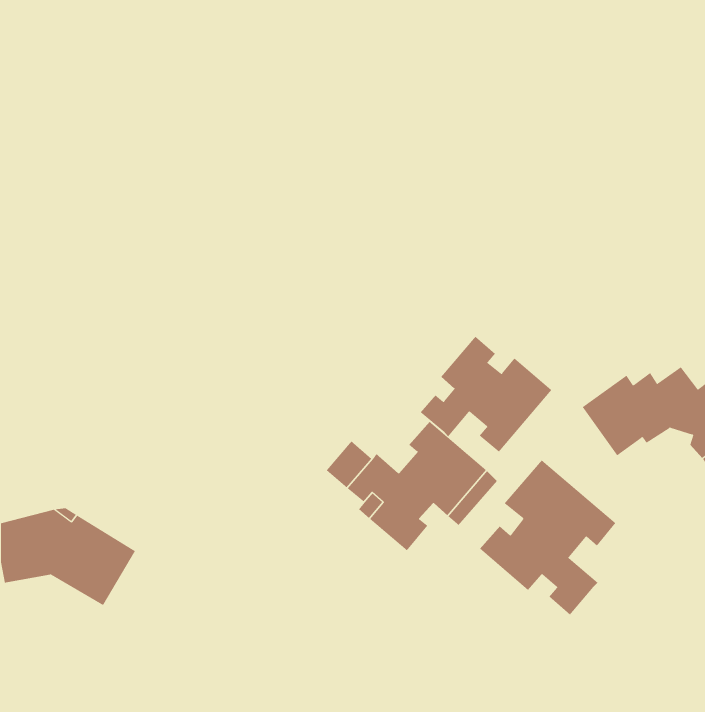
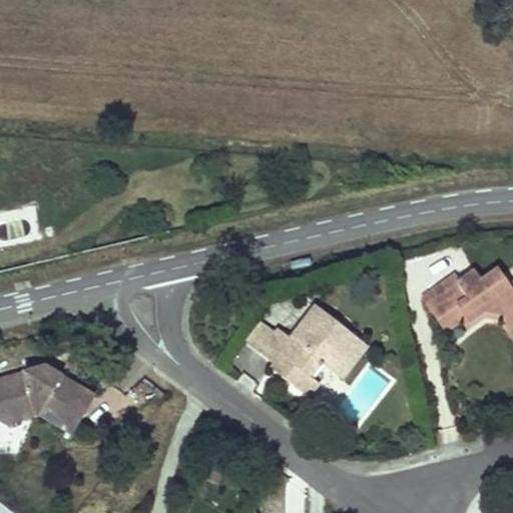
building: [420,336,552,452] -> none
building: [479,460,616,615] -> none

